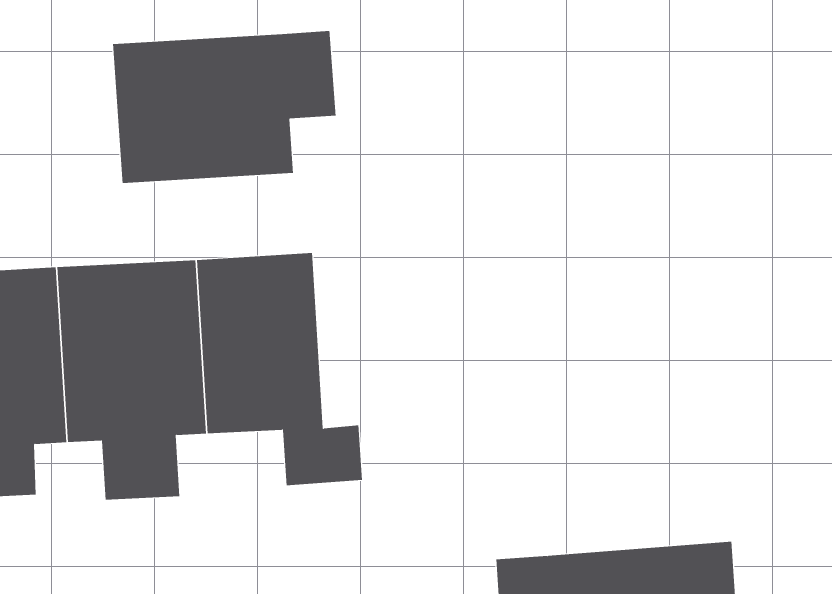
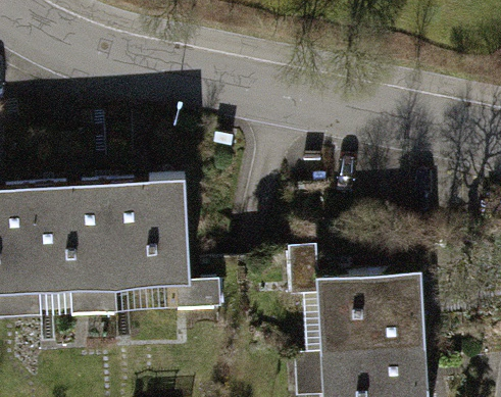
building: [113,30,336,184] -> none
building: none -> [283,250,424,353]

